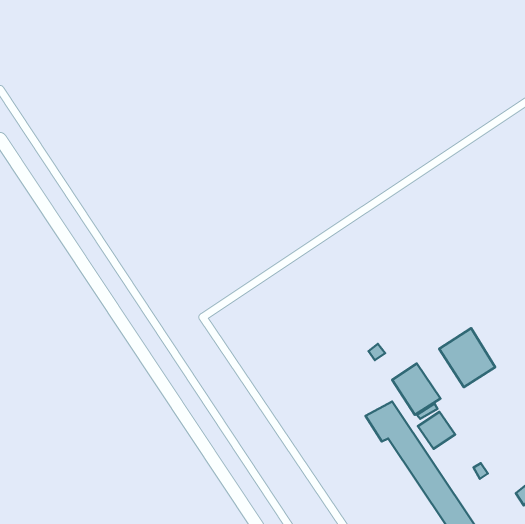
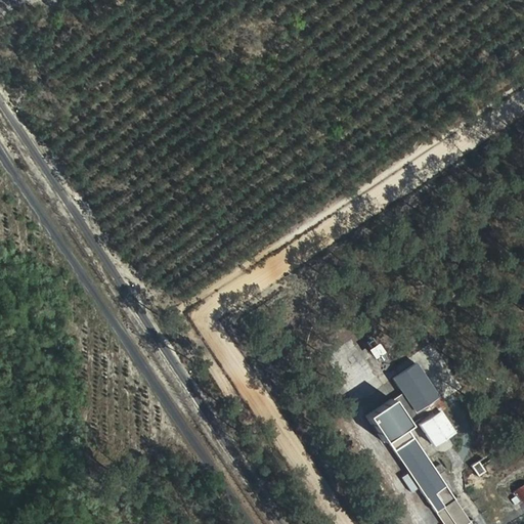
building: [439,328,495,387] -> none

